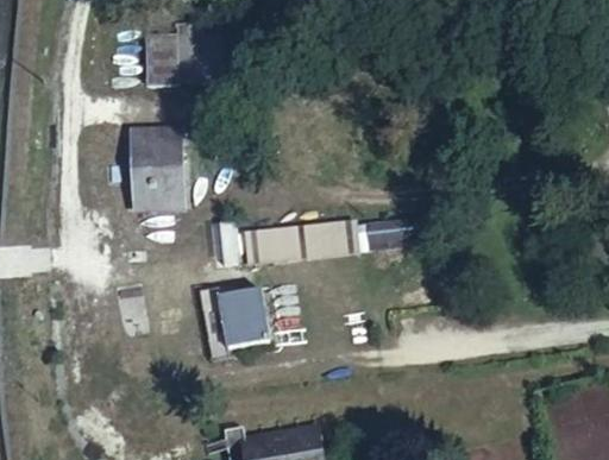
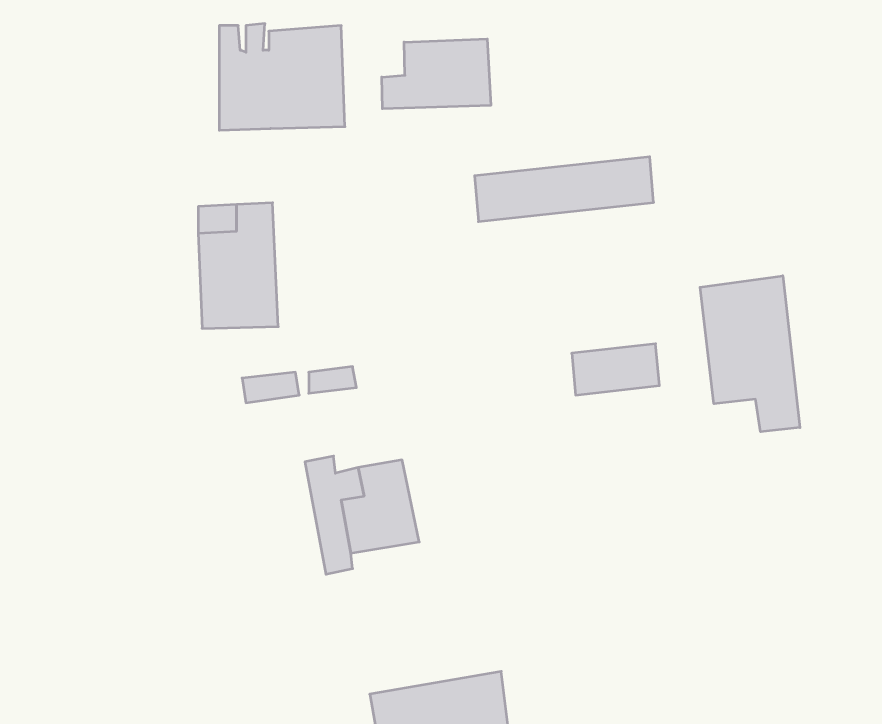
building: none -> [382,39,491,109]
building: none -> [700,276,800,432]
building: [244,221,356,261] -> [475,157,654,222]

